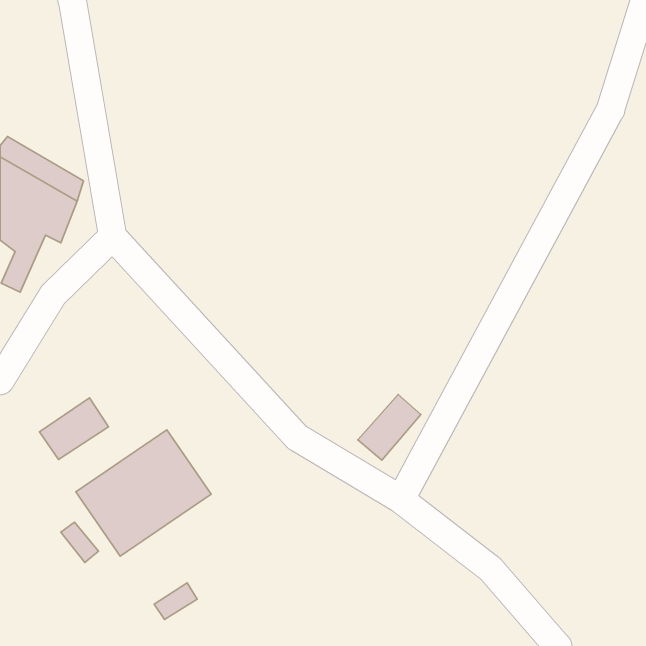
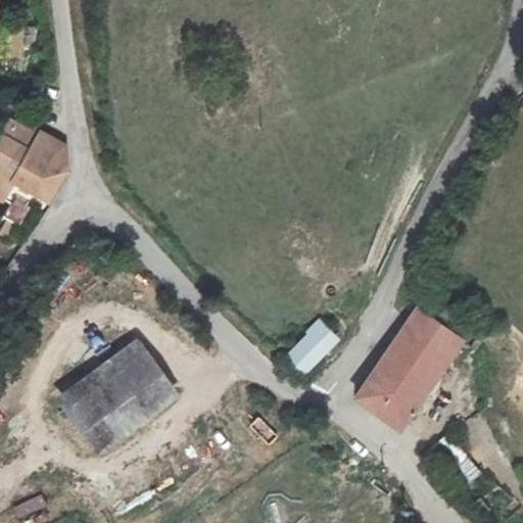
building: none -> [355,307,460,430]
building: [40,398,108,460] -> none

